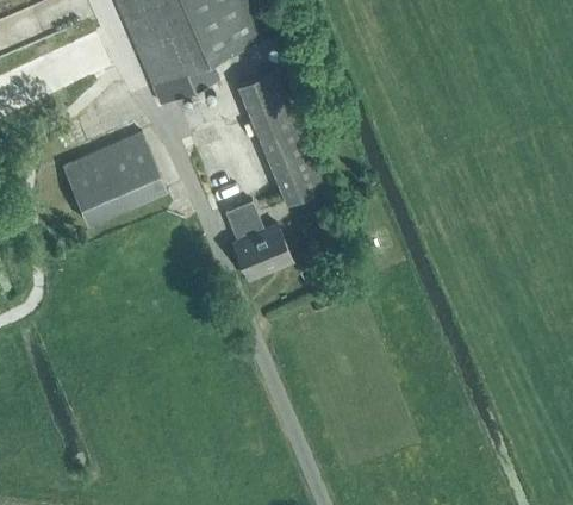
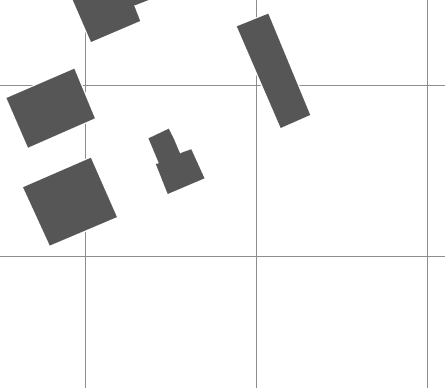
building: [237,70,324,204] -> [236,13,311,129]
building: none -> [22,157,118,247]

